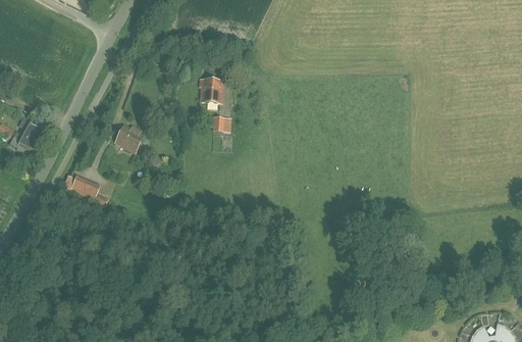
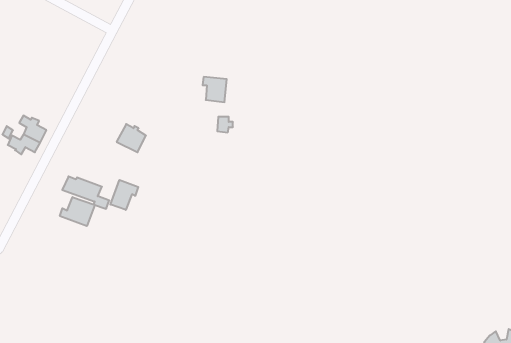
building: none -> [110,180,138,210]
building: none -> [60,197,95,226]

